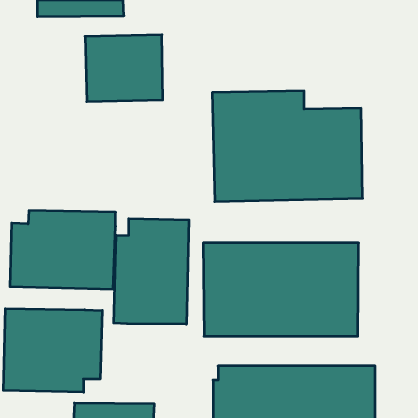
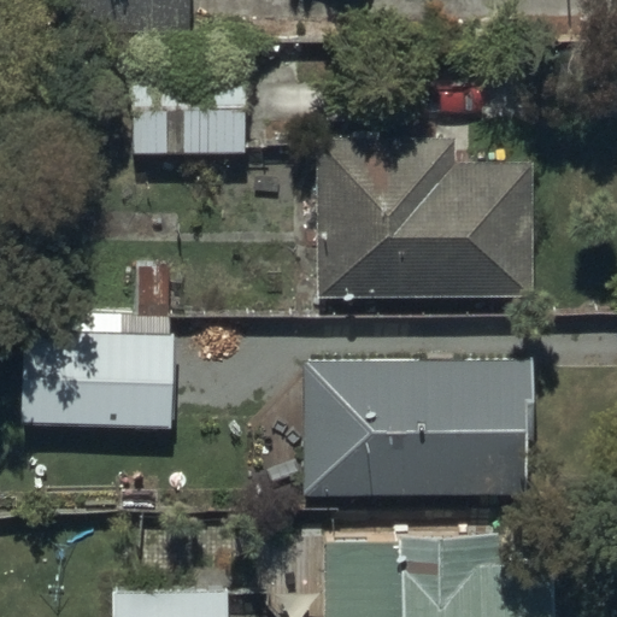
building: [114,219,189,324] -> none
building: [3,309,102,392] -> none

